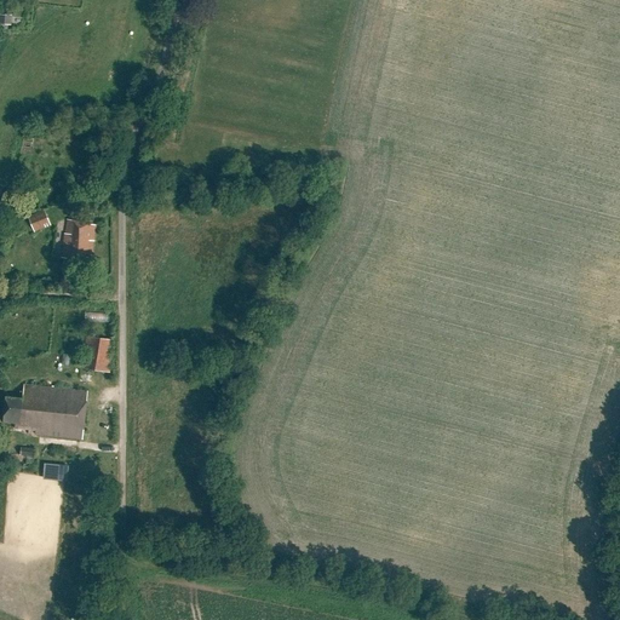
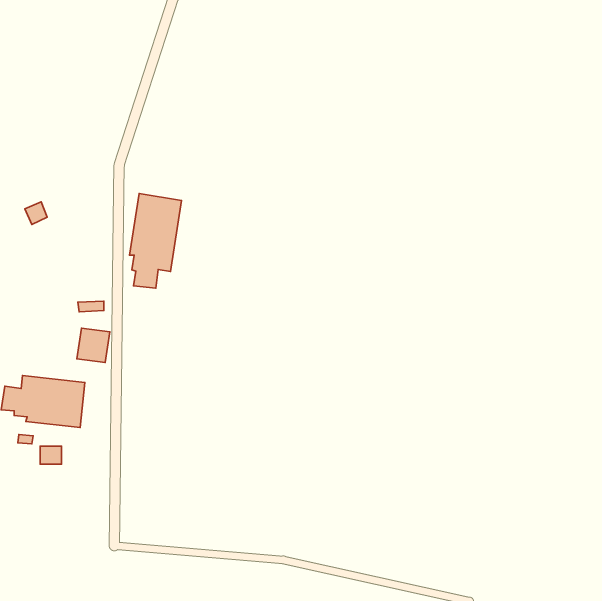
building: none -> [130,193,181,288]
building: [61,219,94,259] -> none

